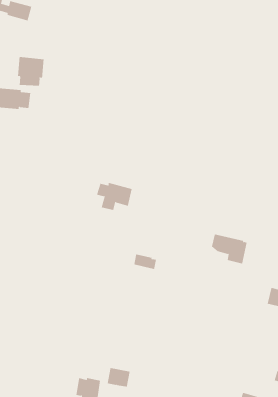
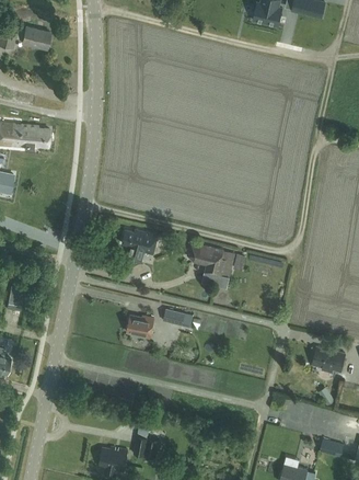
building: [17,56,44,87] -> none
building: [211,234,248,264] -> [187,242,228,276]
building: none -> [127,316,154,339]

